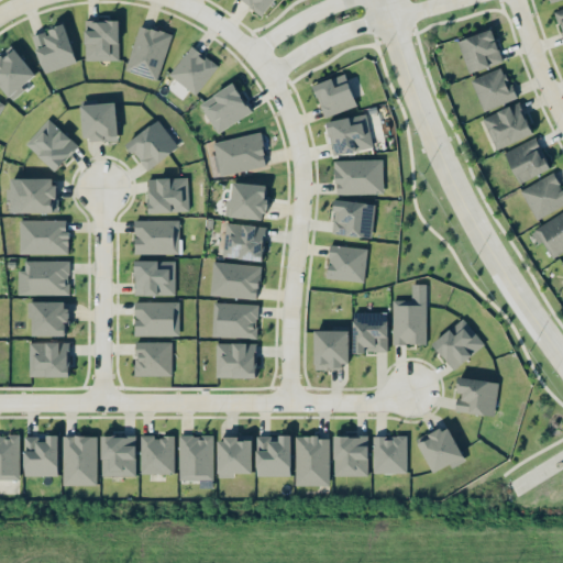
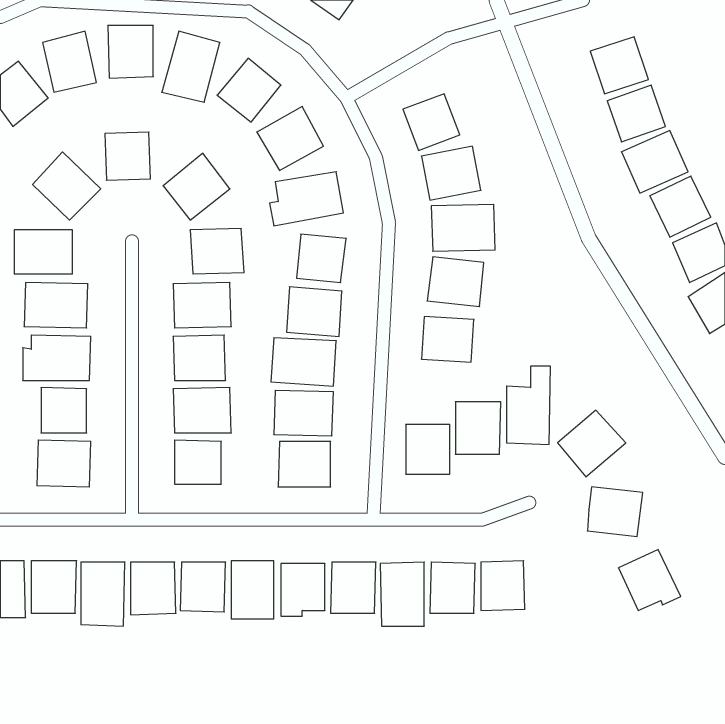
building: [417,426,465,473] -> [618,550,681,611]

